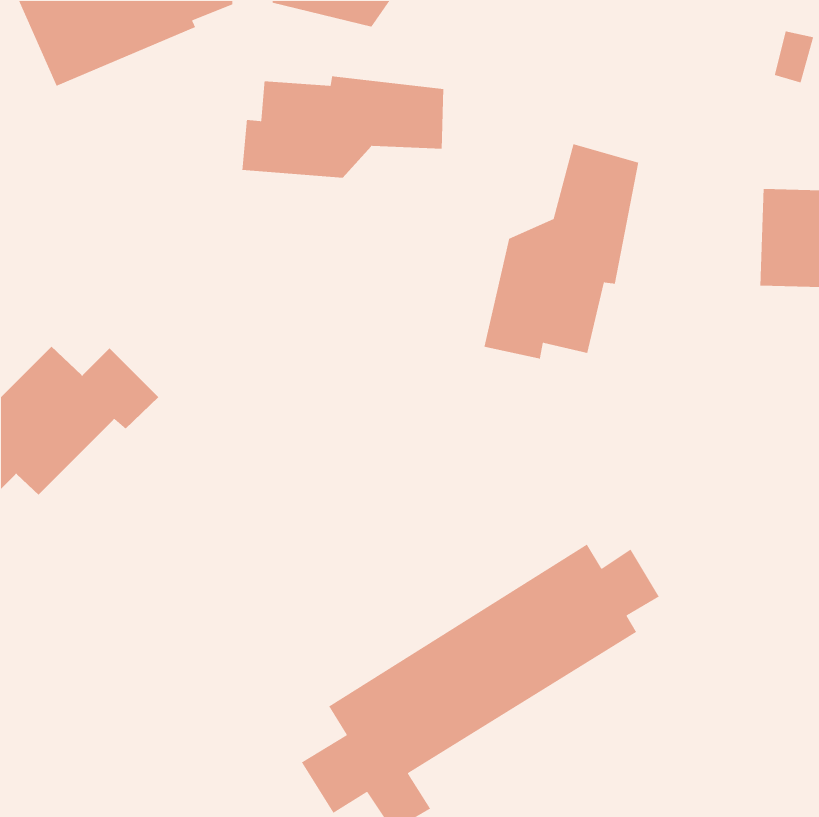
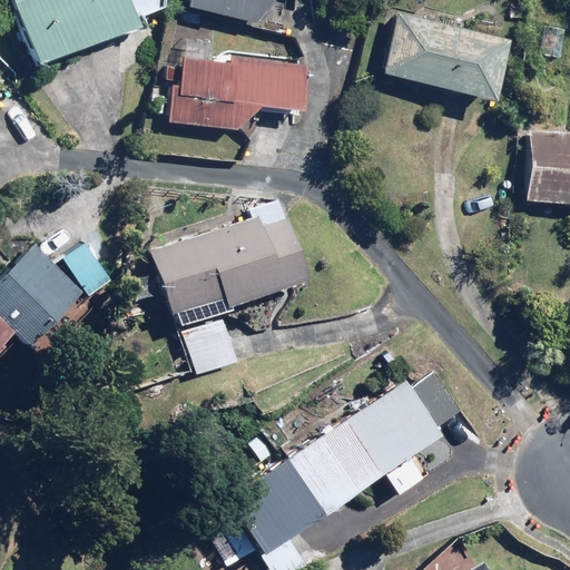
building: none -> [386,14,511,98]
building: [484,143,639,359] -> none
building: none -> [150,199,308,372]

